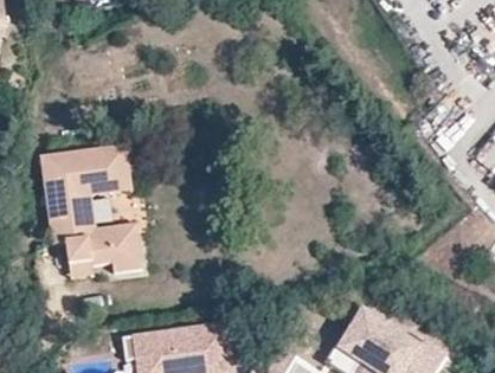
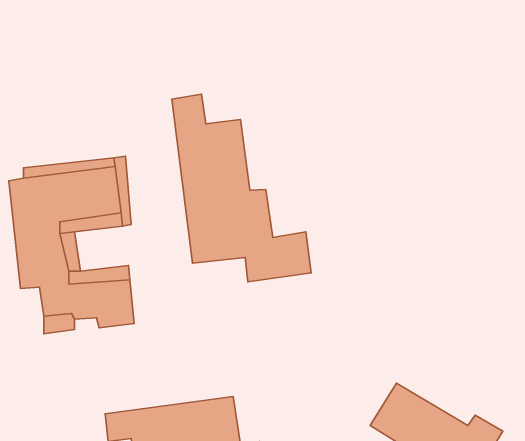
building: none -> [172,94,311,282]

